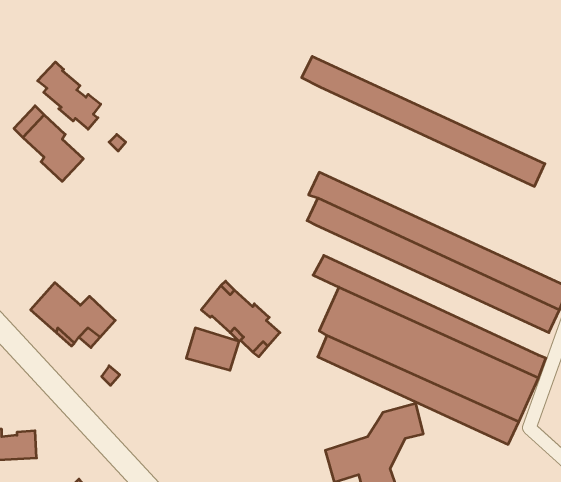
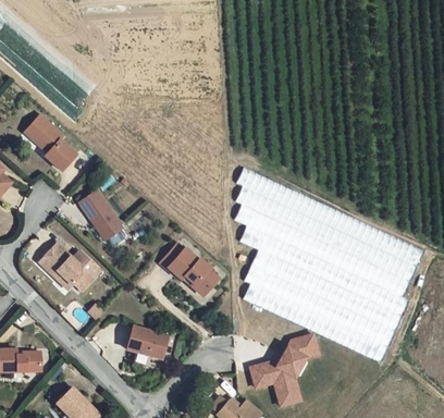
building: [302,56,545,186] -> [235,204,410,297]
building: [38,62,101,129] -> none
building: none -> [81,192,120,239]
building: [186,328,239,370] -> [130,328,168,358]

